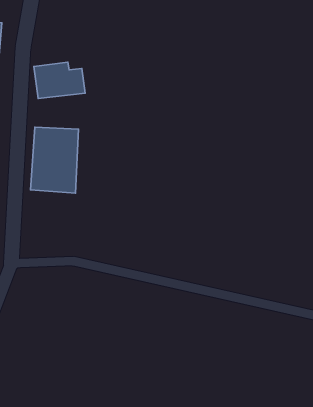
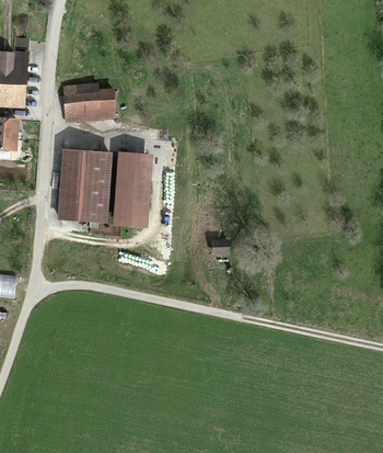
building: none -> [117,155,152,226]

